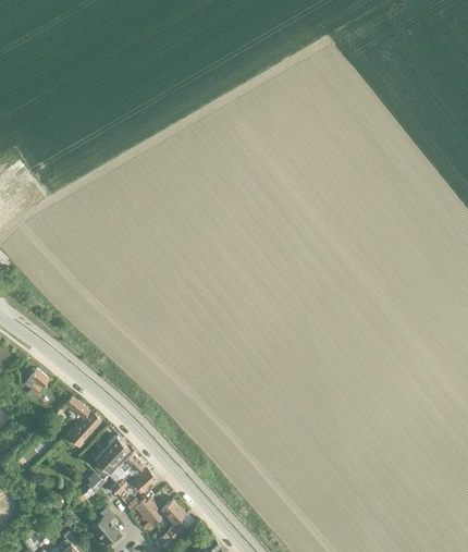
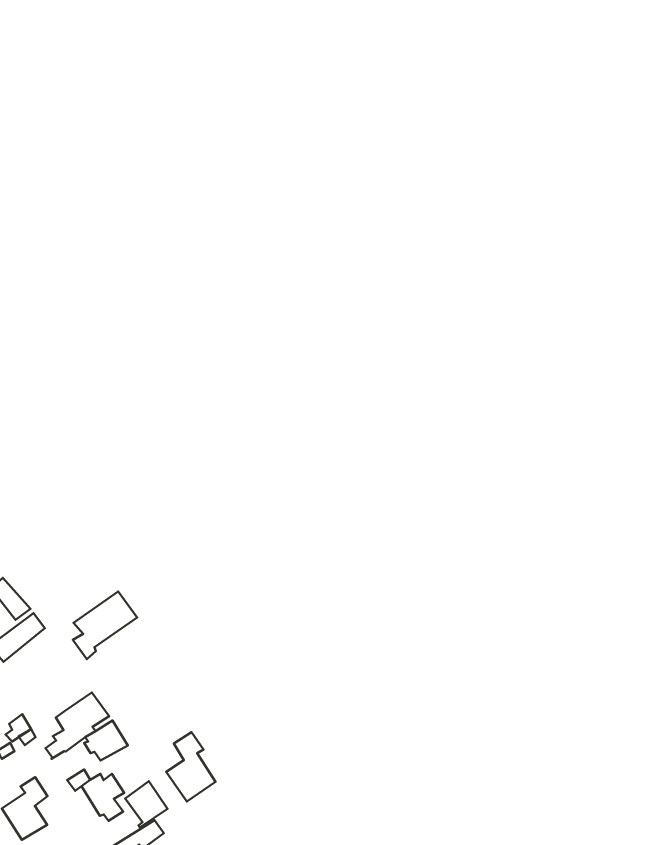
building: [93,437,128,478] -> [73,592,137,659]
building: none -> [166,732,216,801]

